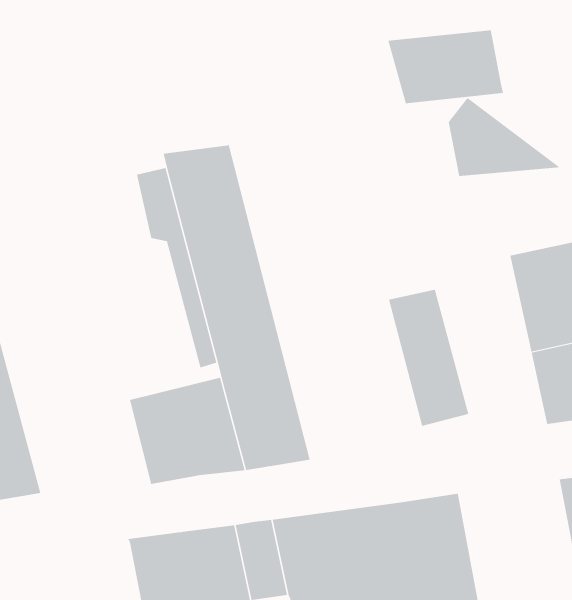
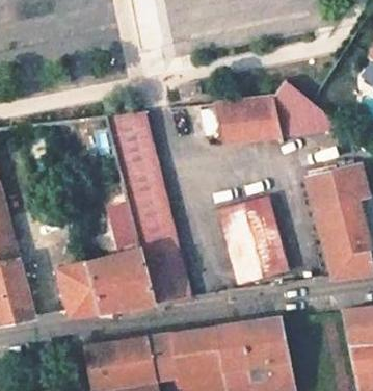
building: [387,30,504,104] -> [213,98,282,141]
building: none -> [216,203,259,284]
building: none -> [58,262,99,316]

